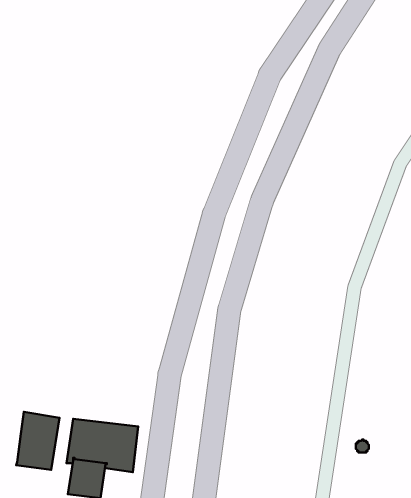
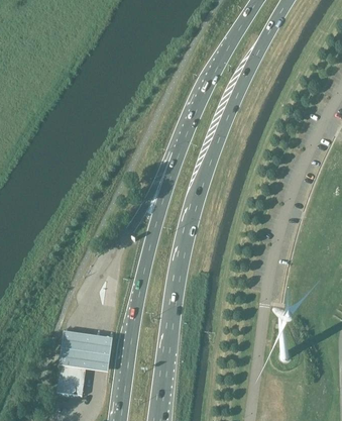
building: [16,412,60,470] -> none

